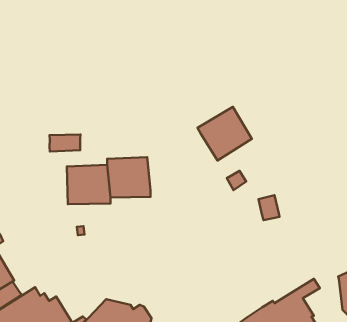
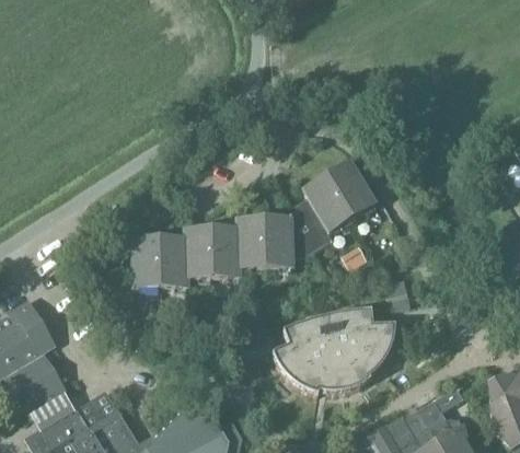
building: none -> [238,194,335,267]
building: [50,134,80,151] -> none
building: none -> [274,307,395,391]

